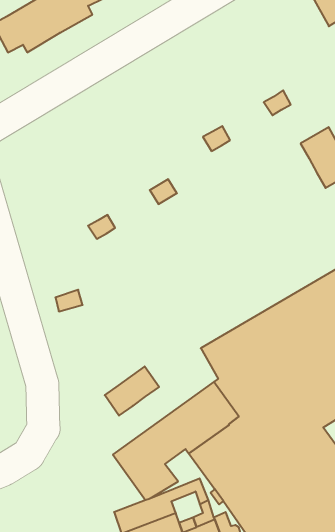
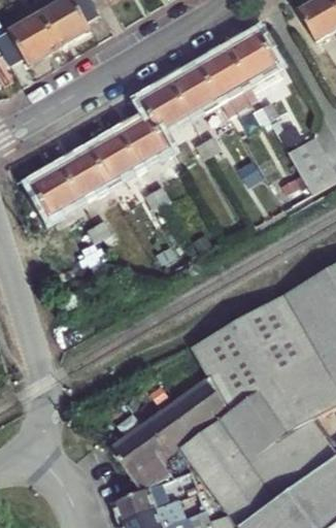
building: none -> [33,32,281,214]
building: [105,366,159,416] -> none

